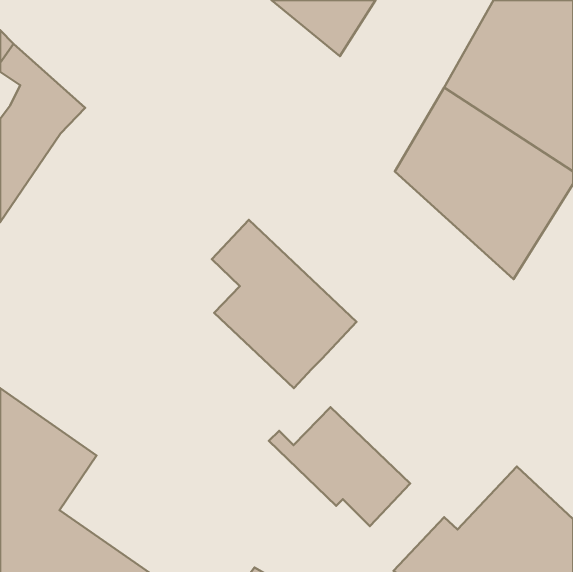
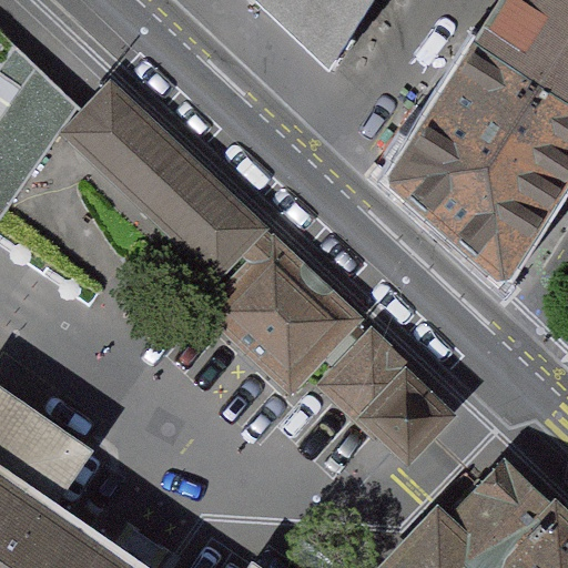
building: none -> [60,85,246,266]
building: [269,407,410,526] -> [308,333,448,450]

